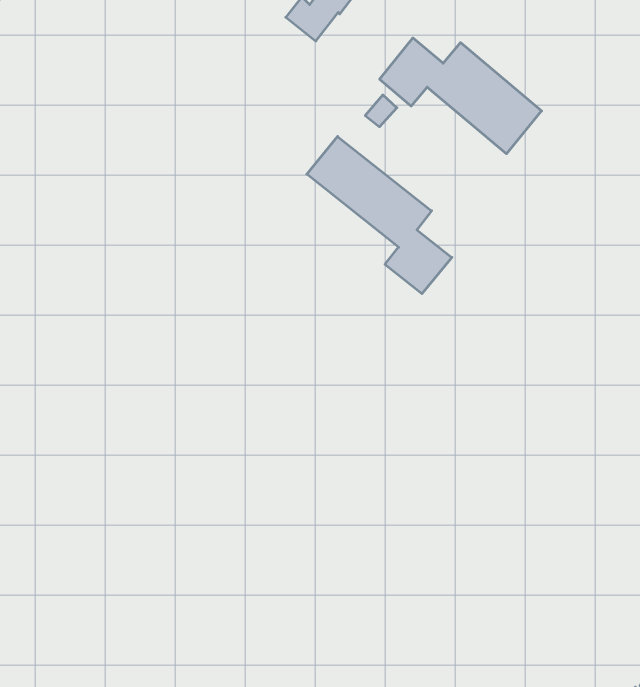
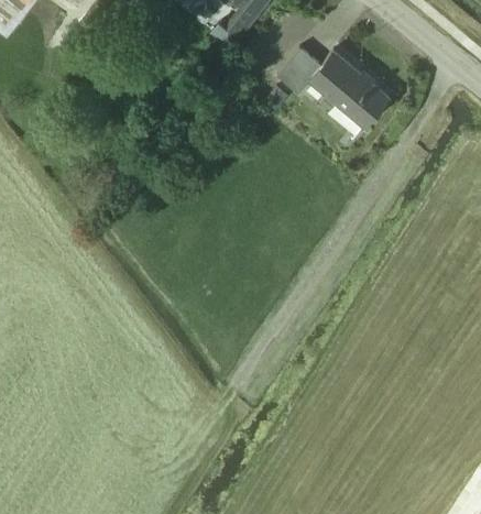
building: [307,136,452,294] -> none

